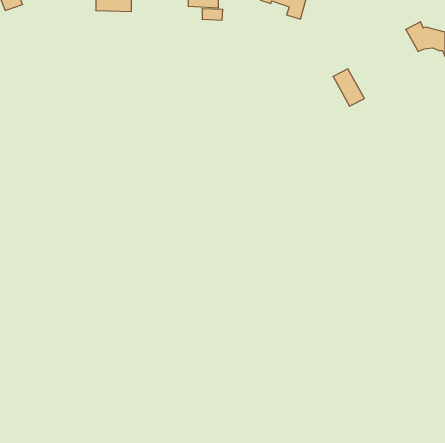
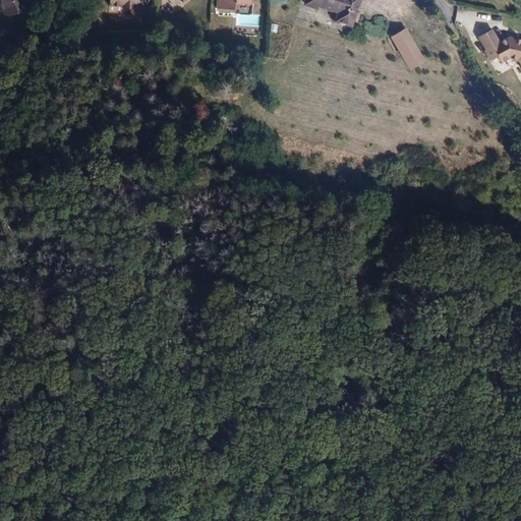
building: [333,69,364,106] -> [389,25,425,69]

